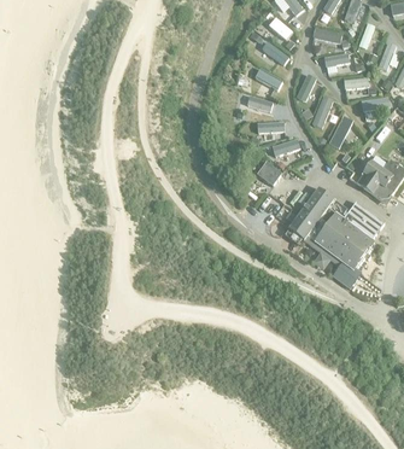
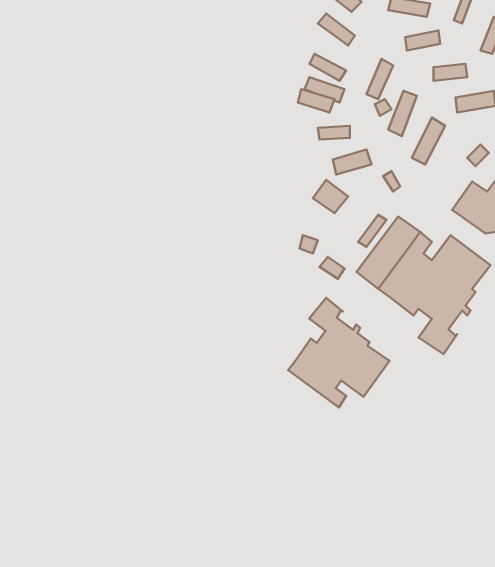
building: none -> [288,298,389,408]

